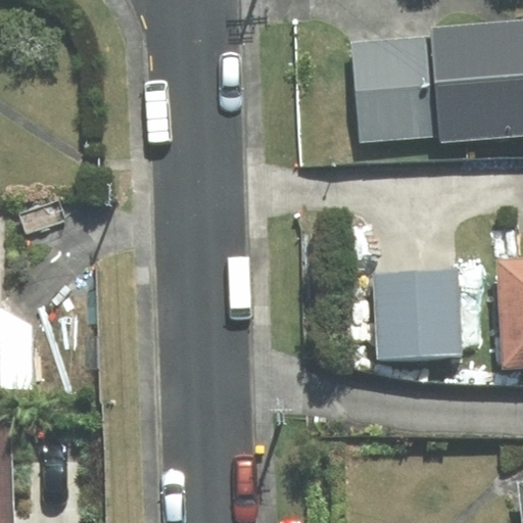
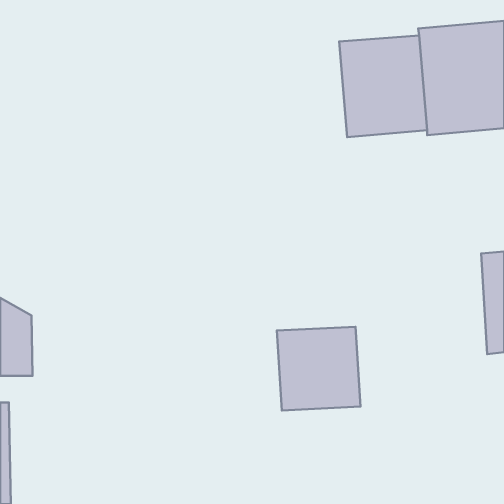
building: [374,271,461,358] -> [277,327,361,411]

